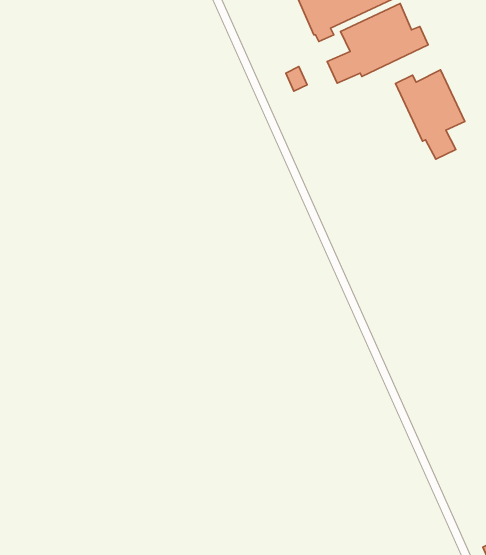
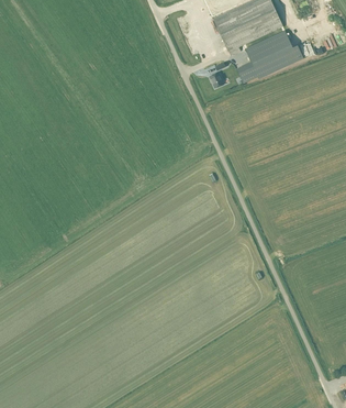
building: [395,70,465,159] -> none

